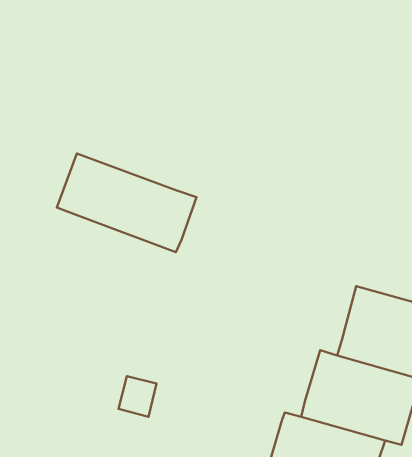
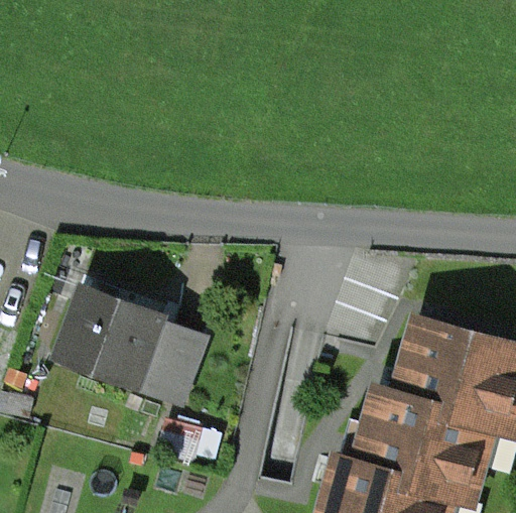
building: [57,153,196,252] -> none
building: none -> [62,289,203,399]

